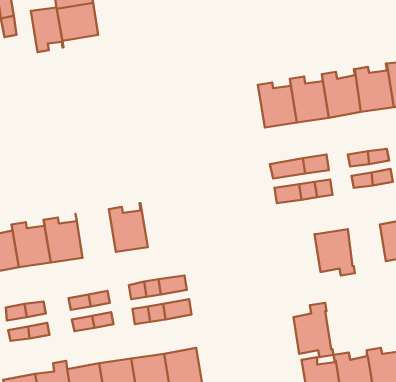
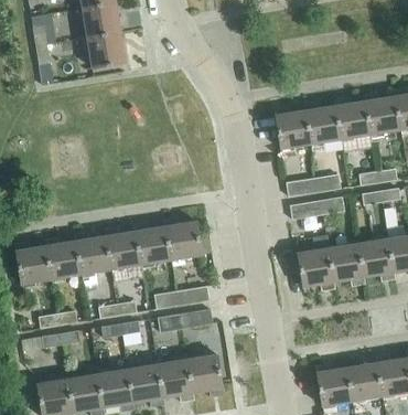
building: [31,8,64,52] -> none
building: none -> [165,216,202,259]
building: none -> [105,224,142,269]
building: none -> [358,238,395,280]
building: [293,303,334,357] -> [298,240,335,290]

